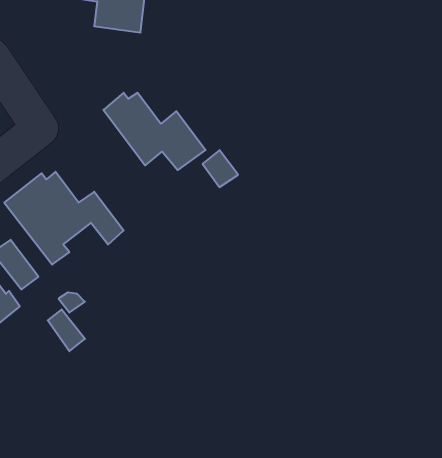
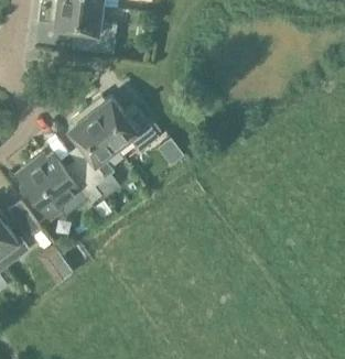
building: none -> [67,109,116,186]

